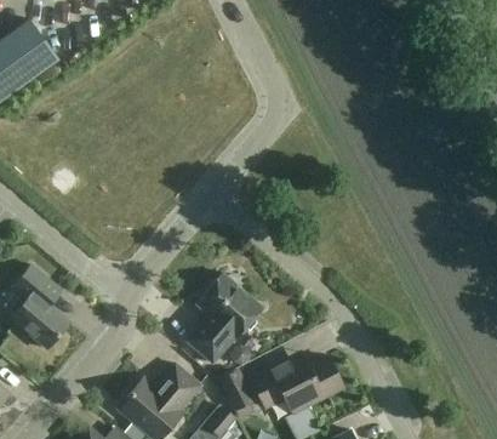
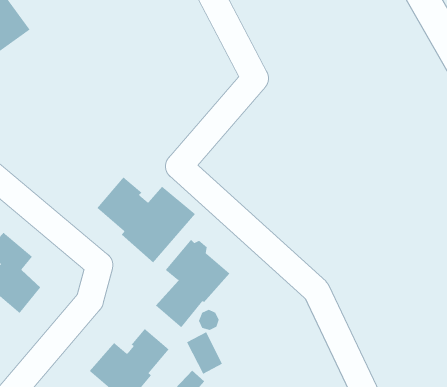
building: none -> [96,176,196,263]
building: [250,355,343,414] -> none

